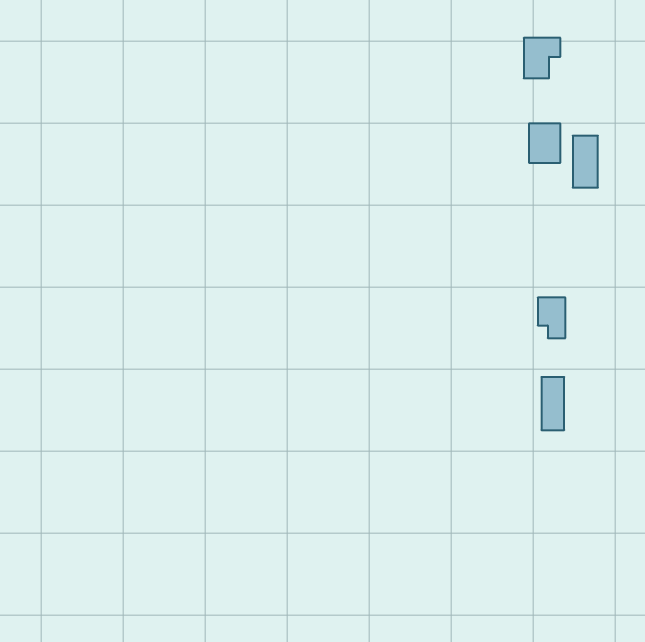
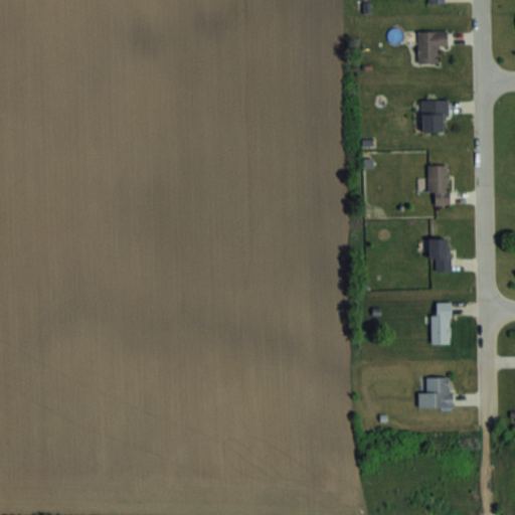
building: [573,136,598,188] -> [428,165,449,206]
building: none -> [418,378,452,408]

